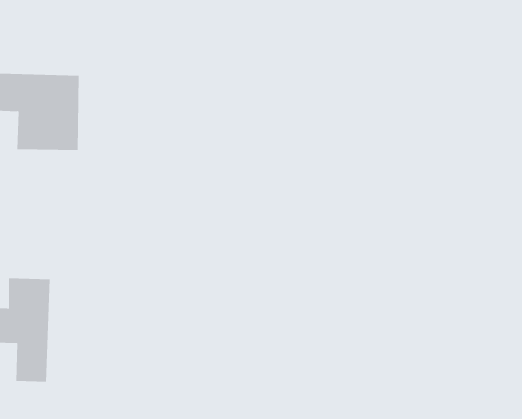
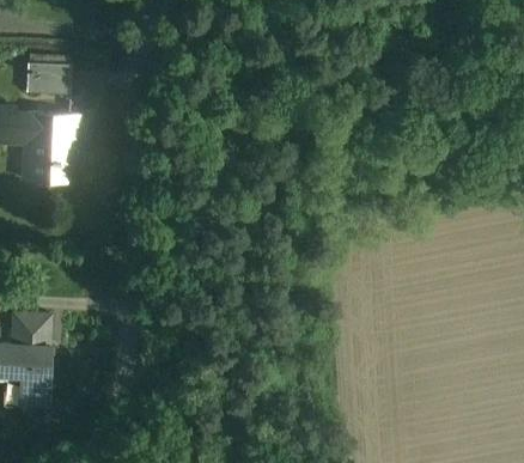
building: none -> [25,60,74,93]

